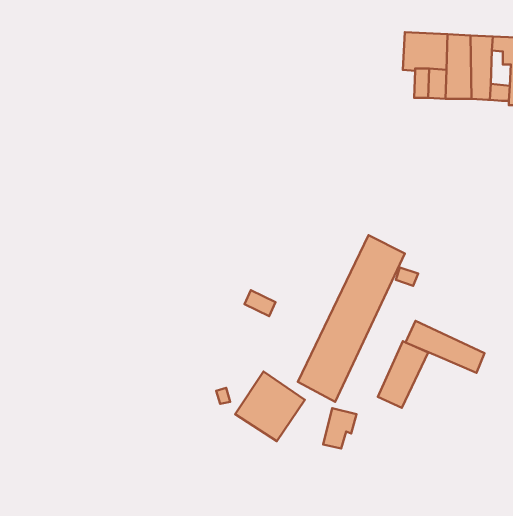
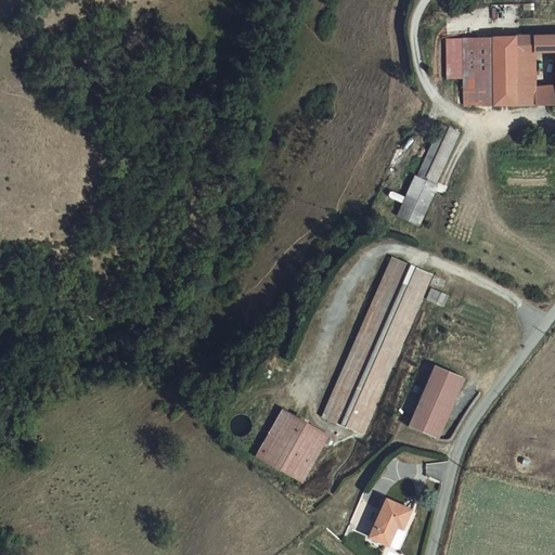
building: none -> [388,125,456,222]
building: [245,290,275,316] -> none
building: [406,321,484,373] -> none
building: [323,408,356,449] -> [379,496,415,540]

